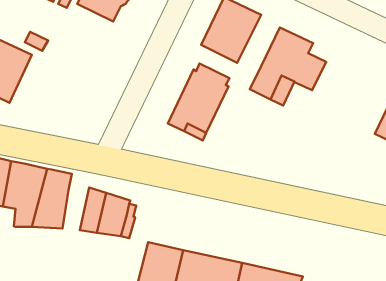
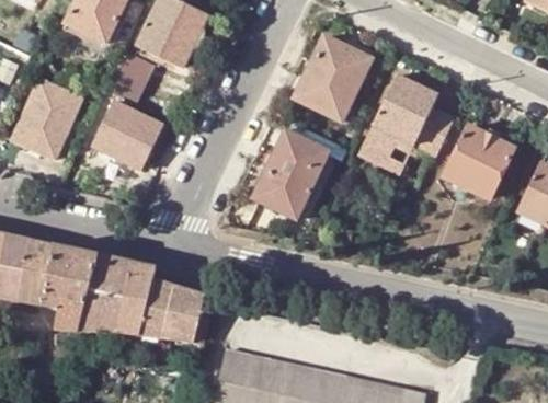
building: none -> [106,49,155,103]
building: none -> [92,101,163,168]
building: none -> [444,125,516,197]
building: none -> [117,262,155,334]

